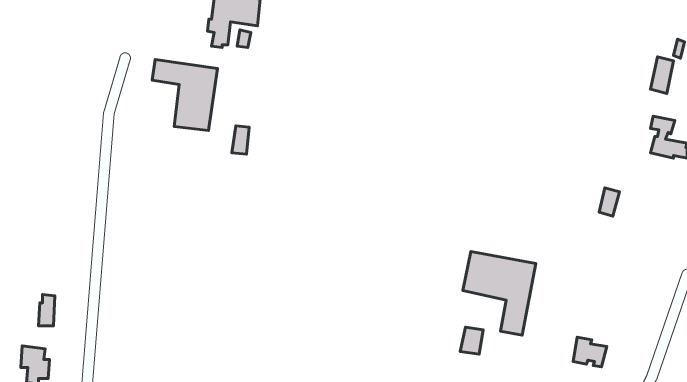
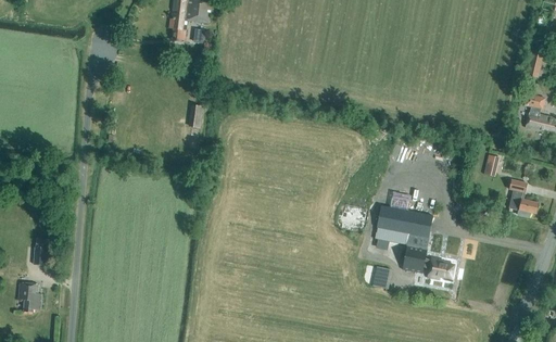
building: [152,60,218,131] -> none
building: none -> [509,179,539,217]
building: [573,337,607,367] -> [428,256,455,280]

